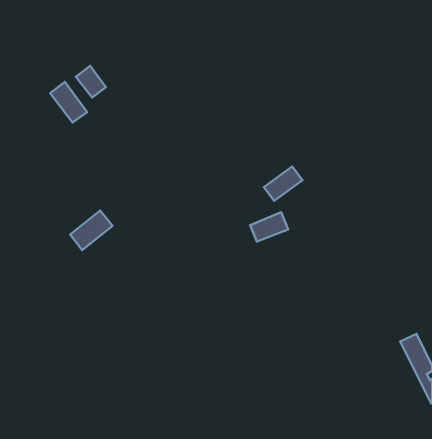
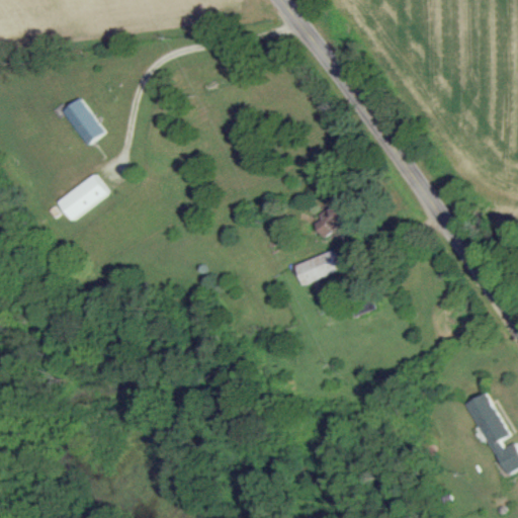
building: [76,66,106,98] -> none
building: [70,210,112,250] -> [58,174,107,221]

